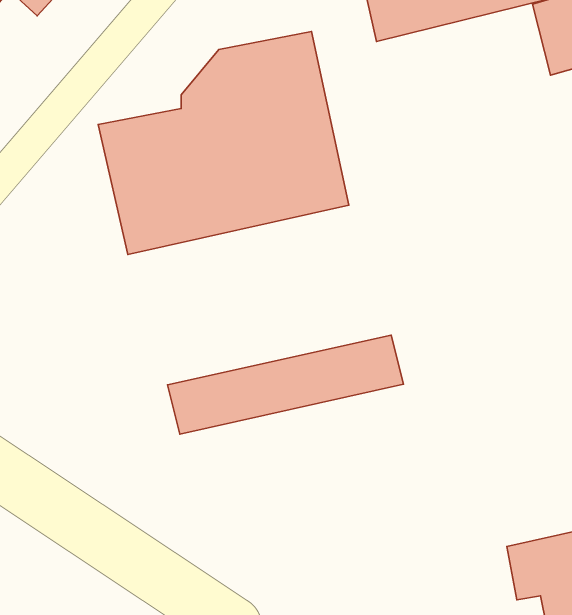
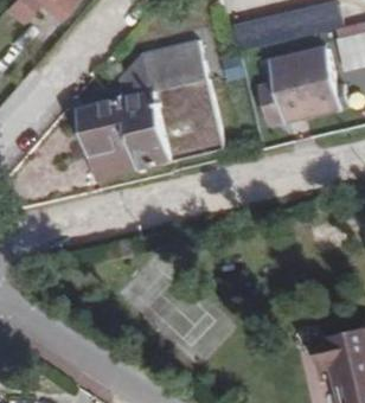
building: none -> [265,52,351,127]
building: [168,335,403,434] -> none

